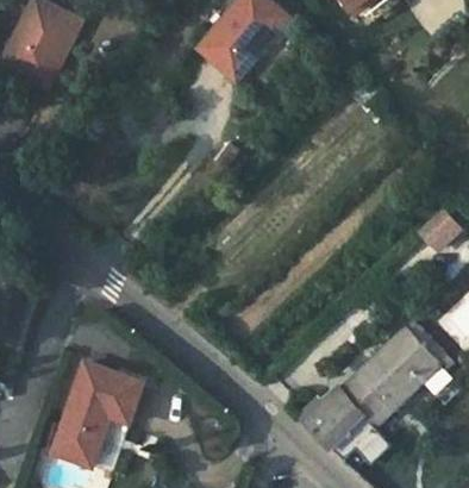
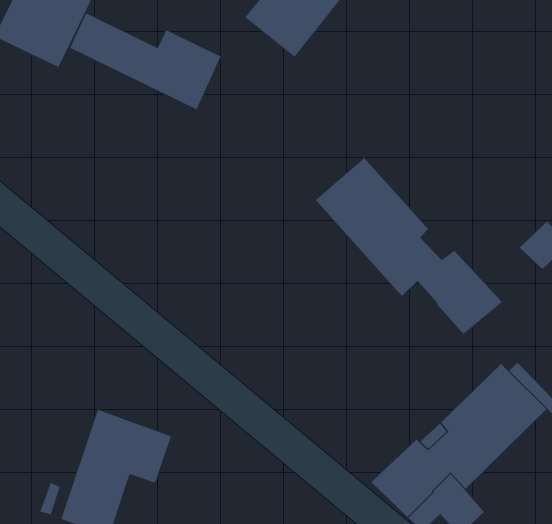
building: none -> [70,12,221,110]
building: none -> [315,157,503,335]

